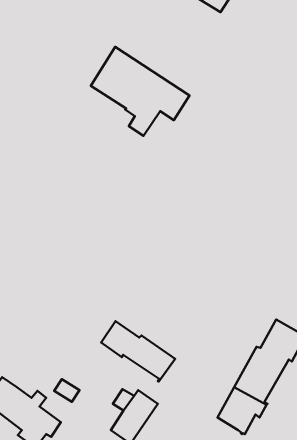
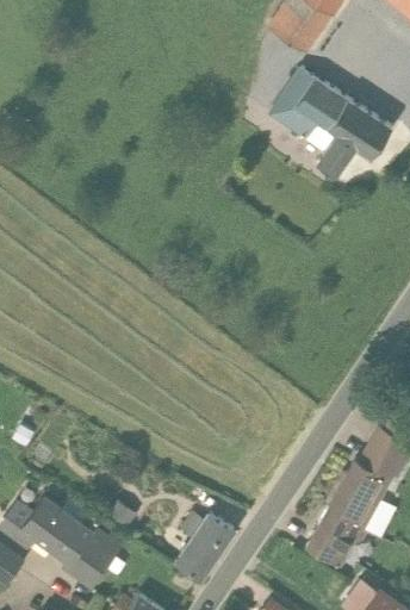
building: [91,47,190,136] -> [271,67,391,175]
building: [101,321,175,382] -> none

